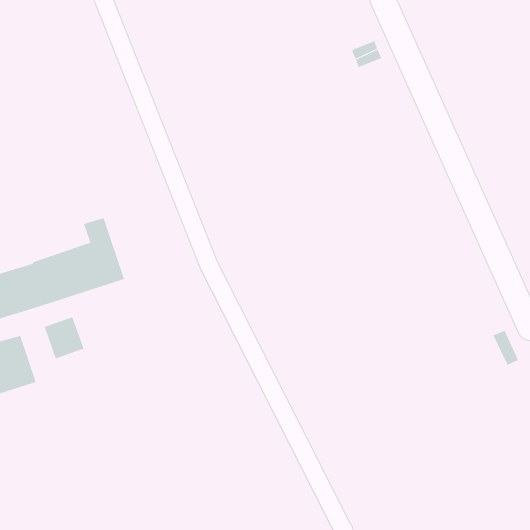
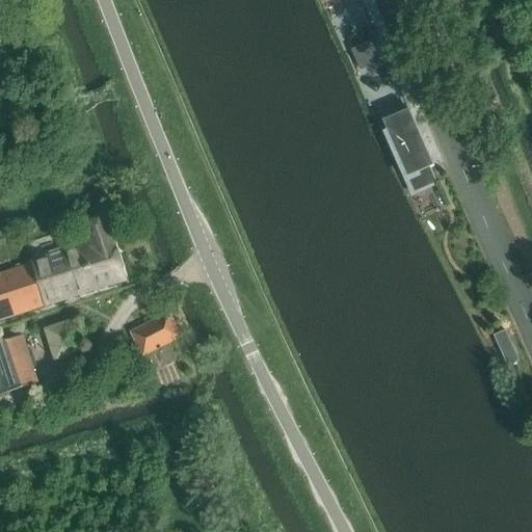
building: none -> [381,108,435,192]
building: none -> [129,312,180,355]

